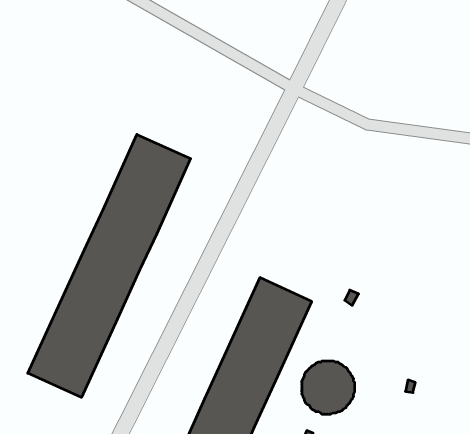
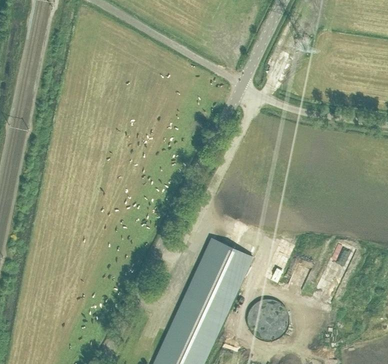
building: [28,134,191,397] -> none

